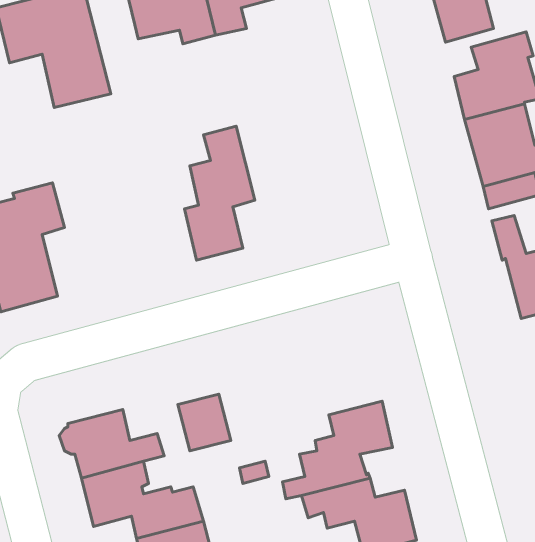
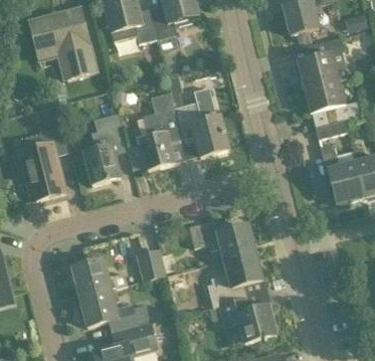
building: none -> [167,73,229,157]
building: none -> [83,112,128,184]
building: none -> [188,217,255,259]

